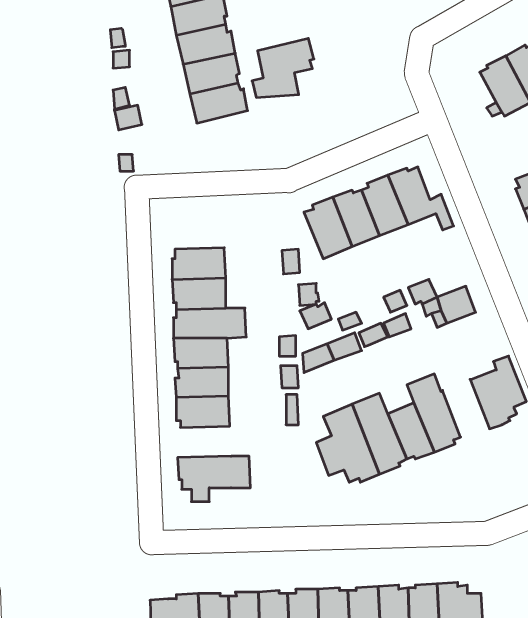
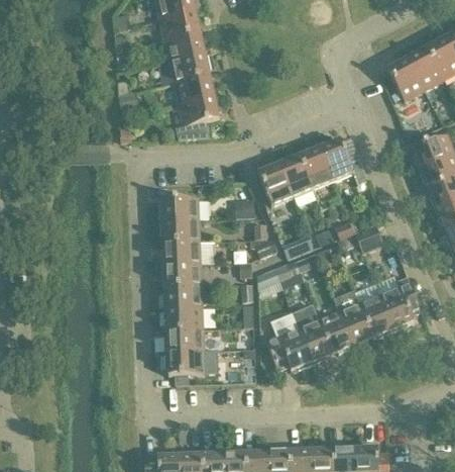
building: [252,38,314,97] -> [176,96,221,139]
building: none -> [360,294,394,337]
building: none -> [165,328,205,352]

